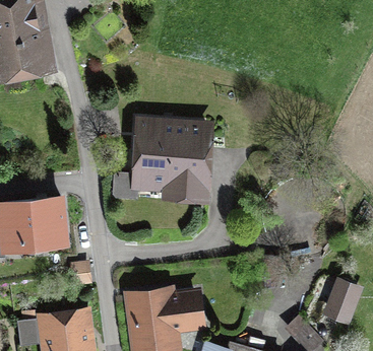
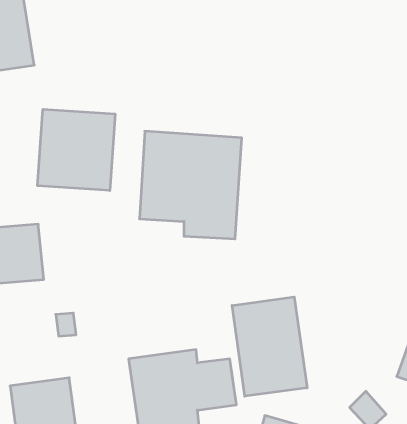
building: none -> [38,109,115,191]
building: none -> [232,297,307,396]

